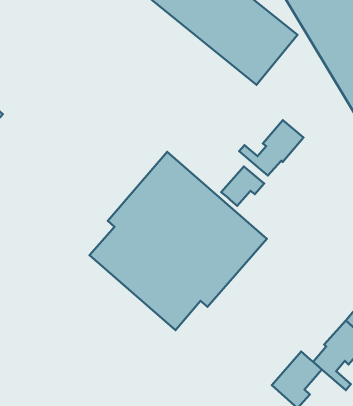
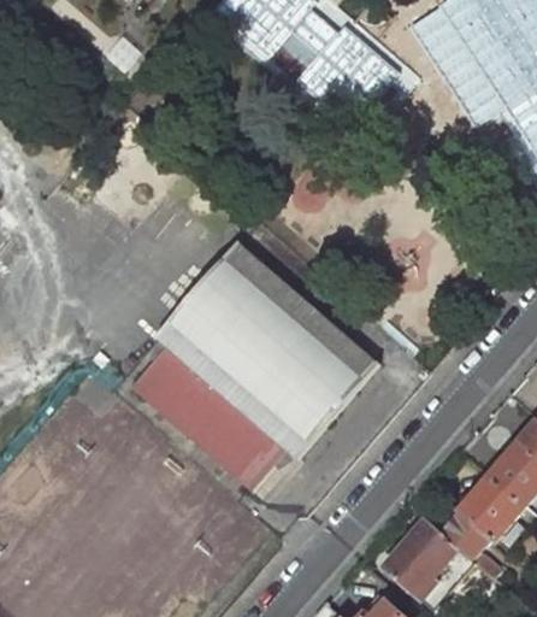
building: [239,120,303,176] -> none
building: [221,166,264,206] -> none

